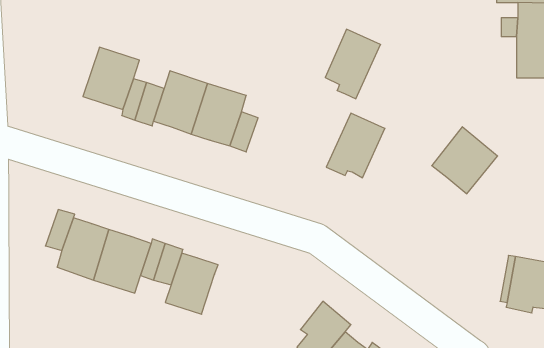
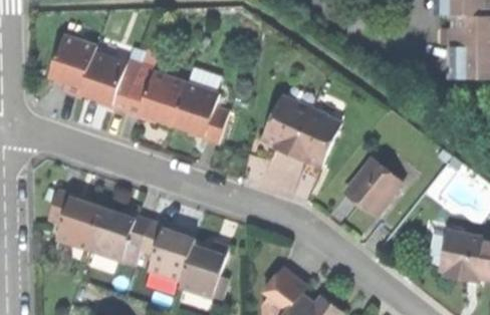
building: none -> [49,35,96,98]
building: [325,29,381,99] -> [262,94,309,153]
building: [432,127,498,194] -> [343,156,400,214]
building: none -> [180,240,232,297]

